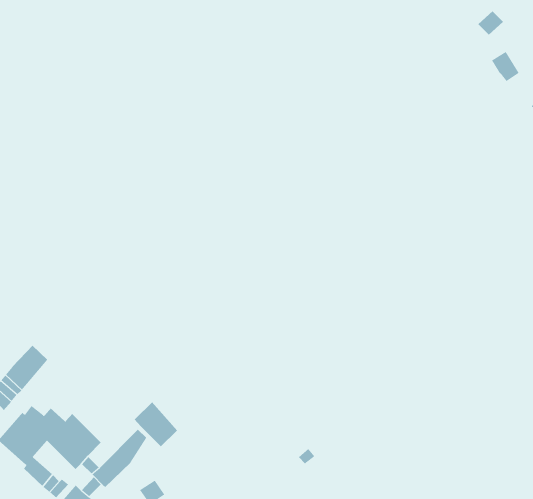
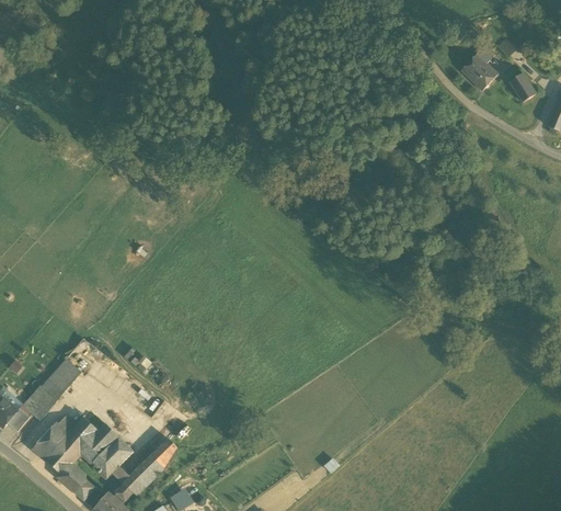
building: none -> [460,47,497,91]
building: [134,401,178,447] -> none

